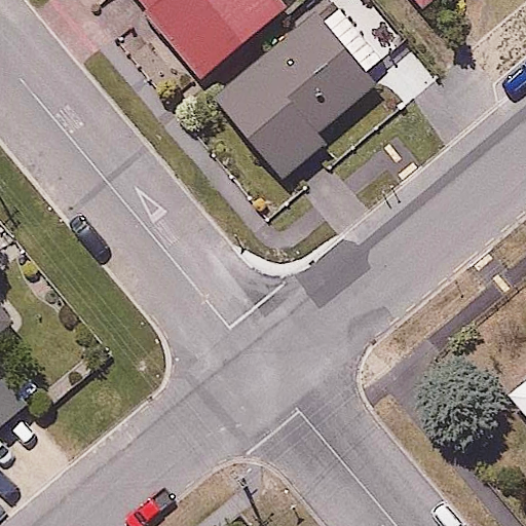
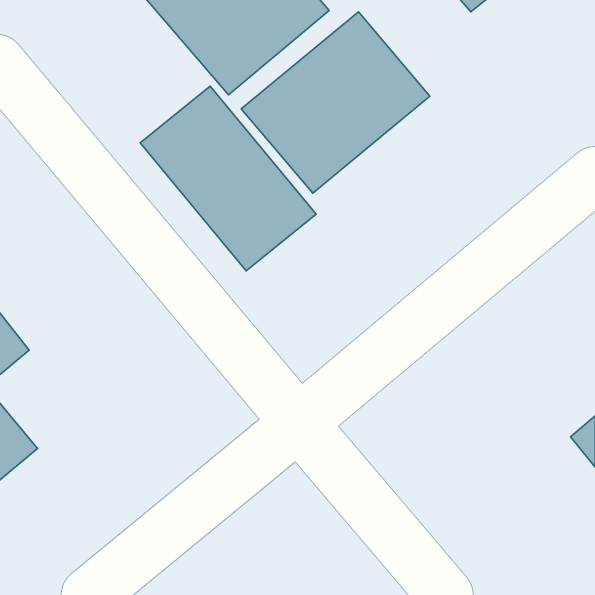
building: none -> [140,86,316,271]

